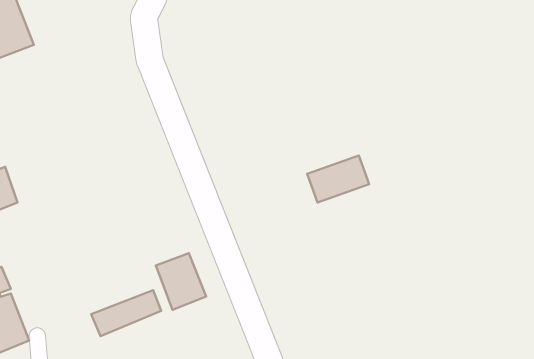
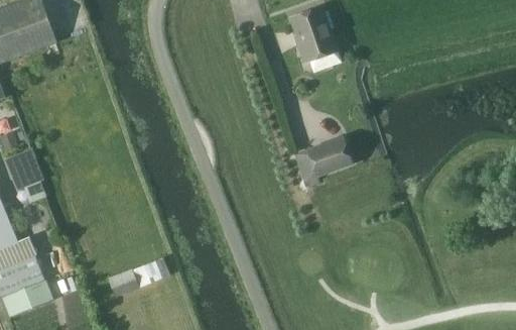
building: none -> [290,6,341,71]
building: [156,253,206,310] -> none

